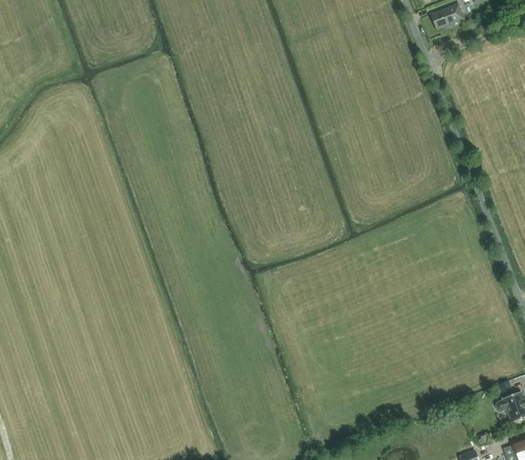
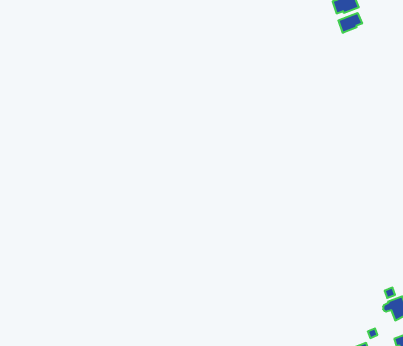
building: none -> [338,13,362,33]

